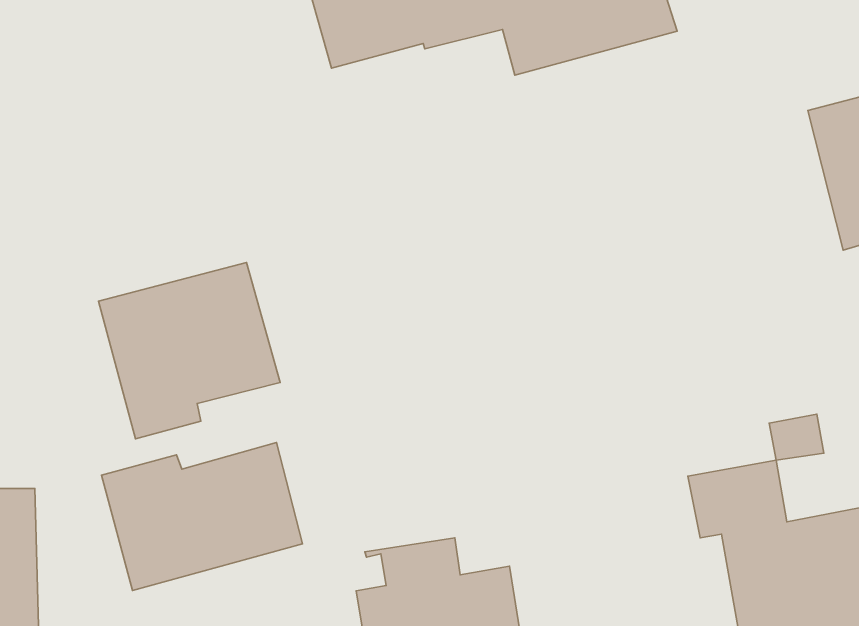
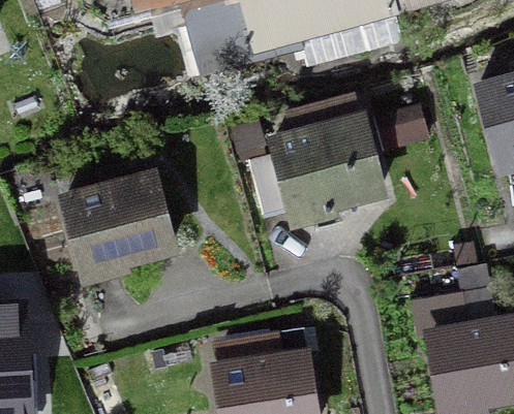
building: none -> [271,113,377,217]
building: [101,443,302,590] -> none

